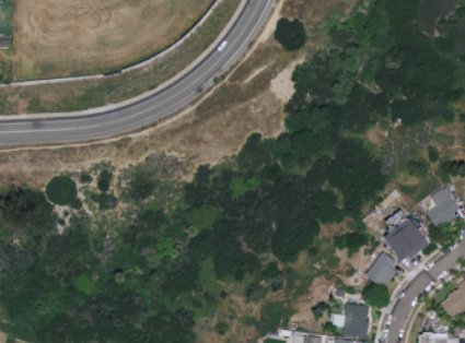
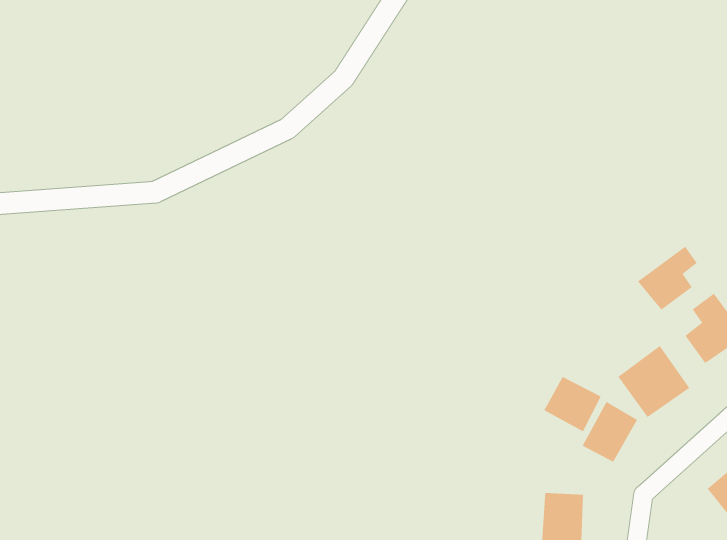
building: none -> [637,246,698,311]
building: none -> [543,376,601,432]

